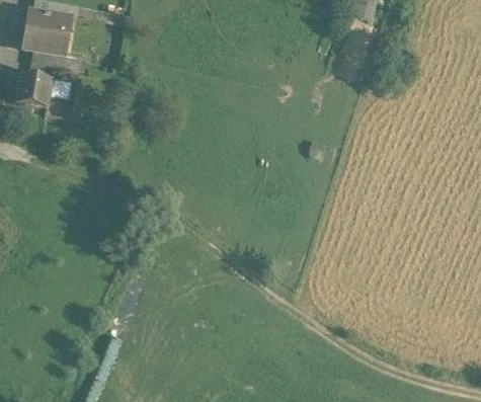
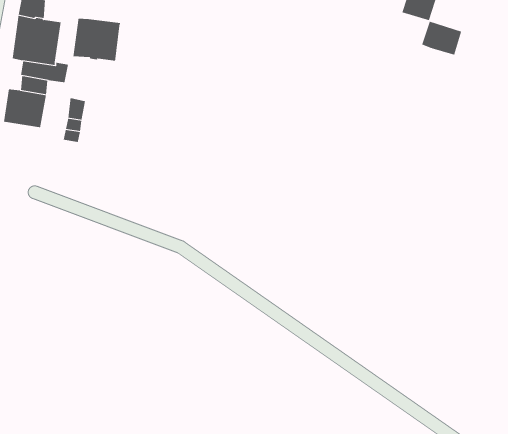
building: none -> [73,18,121,62]
building: none -> [422,21,462,56]

